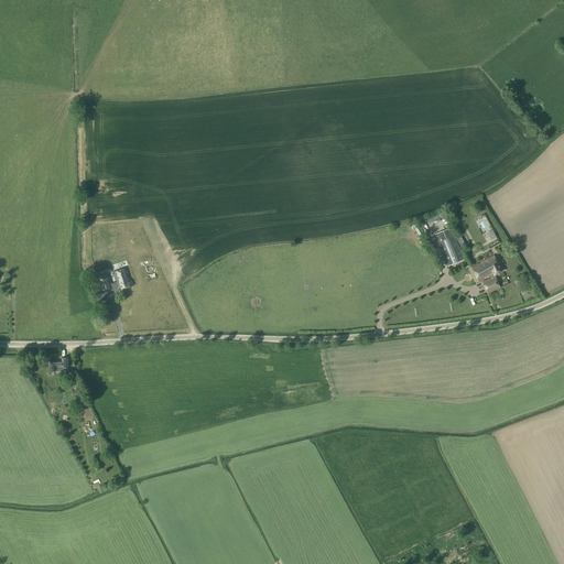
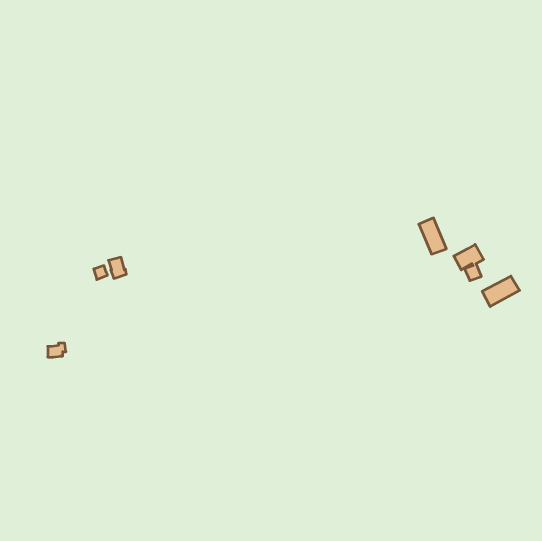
building: none -> [482,276,520,307]

